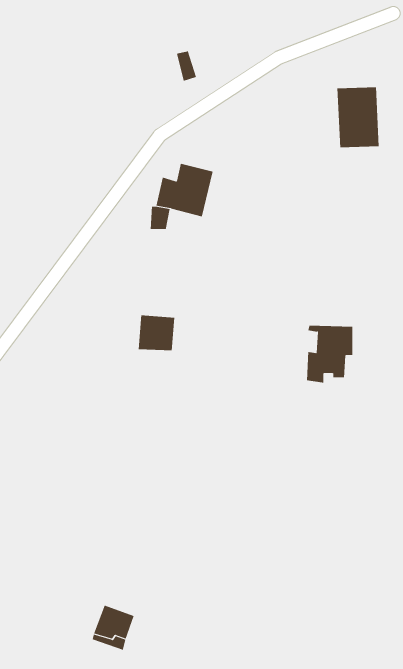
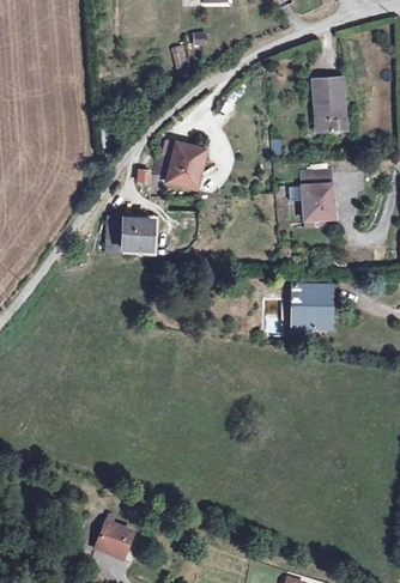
building: none -> [290,166,337,217]
building: [138,315,175,351] -> [119,218,151,249]

